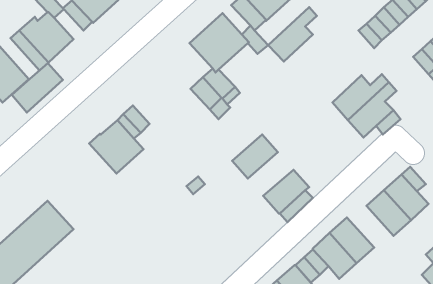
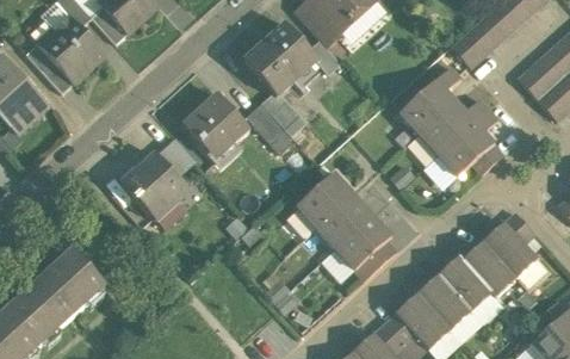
building: [268,7,317,62] -> [399,67,459,134]
building: [12,63,63,112] -> none
building: none -> [182,97,244,154]
building: none -> [315,194,371,248]
building: none -> [436,256,490,311]

